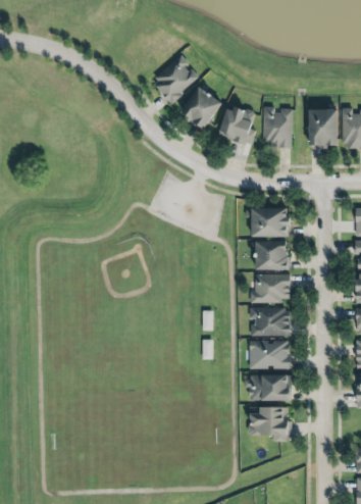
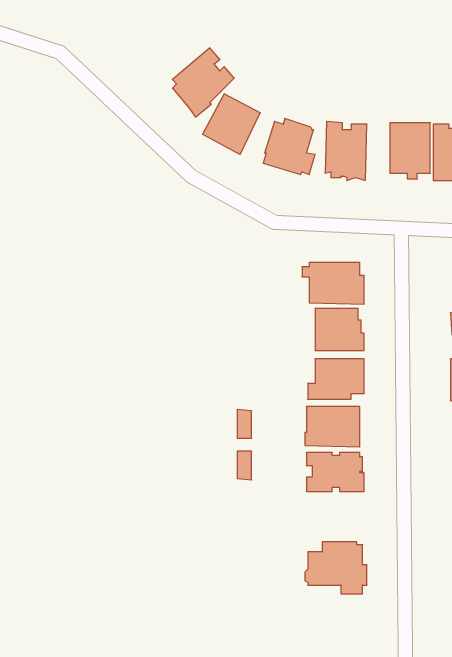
building: [246,376,290,403] -> none

